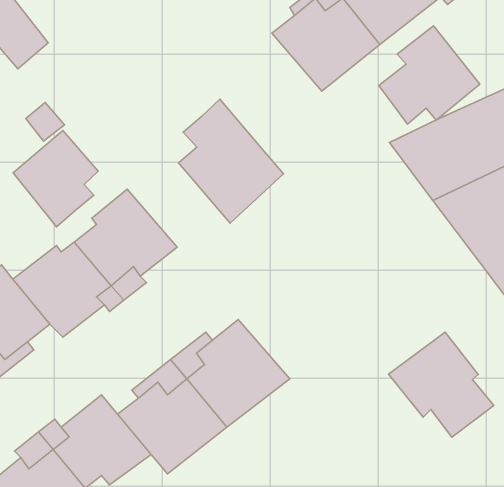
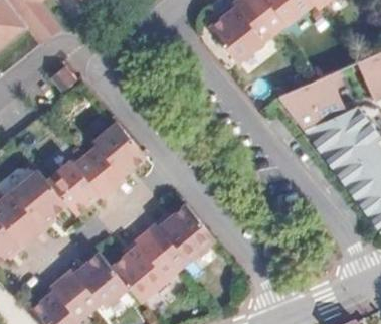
building: [379,26,480,124] -> none
building: [179,99,283,223] -> none
building: [13,131,98,227] -> none
building: [389,332,494,437] -> none

